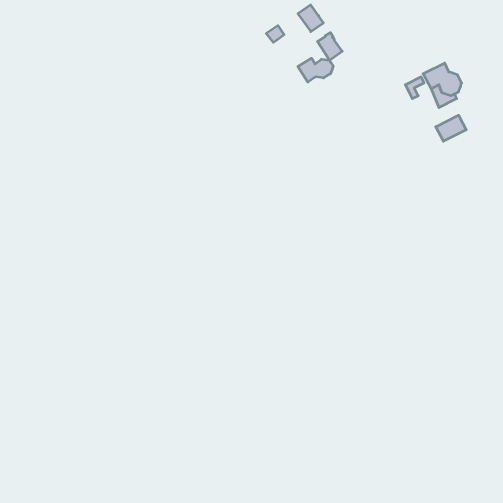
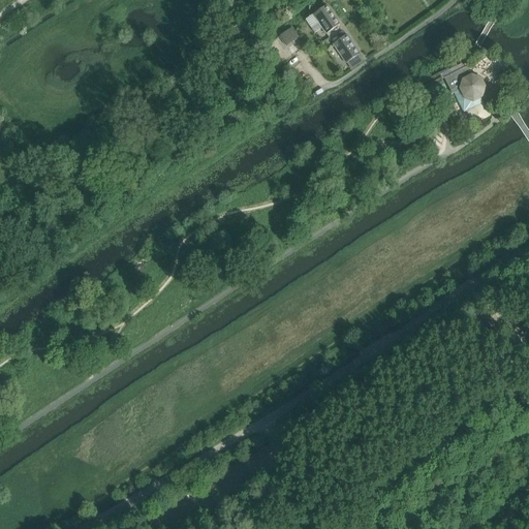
building: [298,58,333,82] -> none
building: [436,115,466,141] -> none

